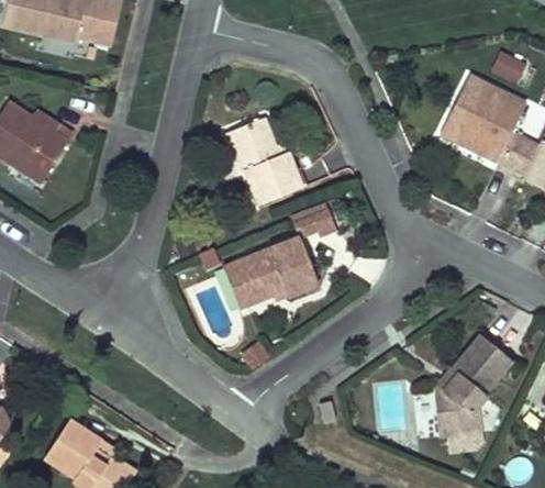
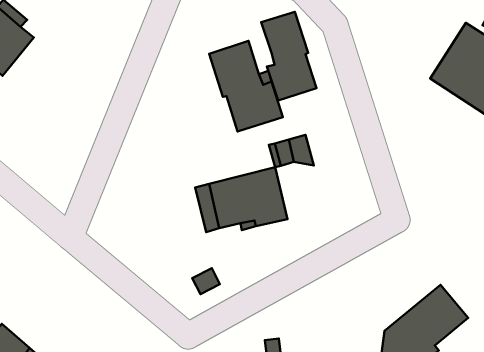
building: none -> [261,12,316,100]

